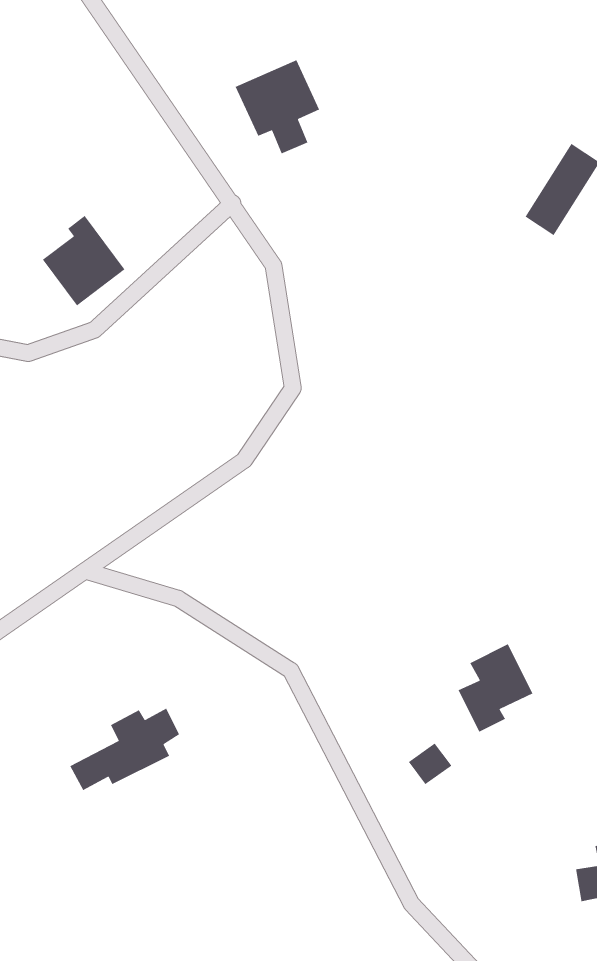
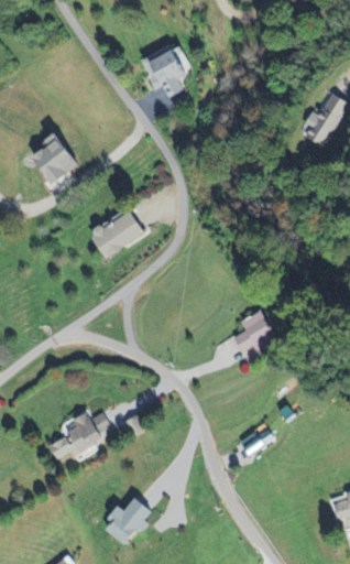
building: none -> [90,209,144,257]
building: [458,643,533,733] -> [231,310,274,360]
building: none -> [105,497,151,545]

